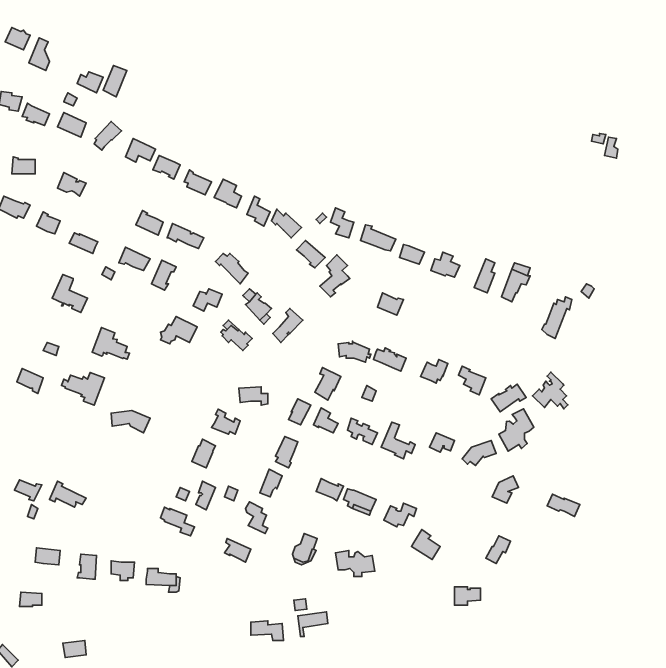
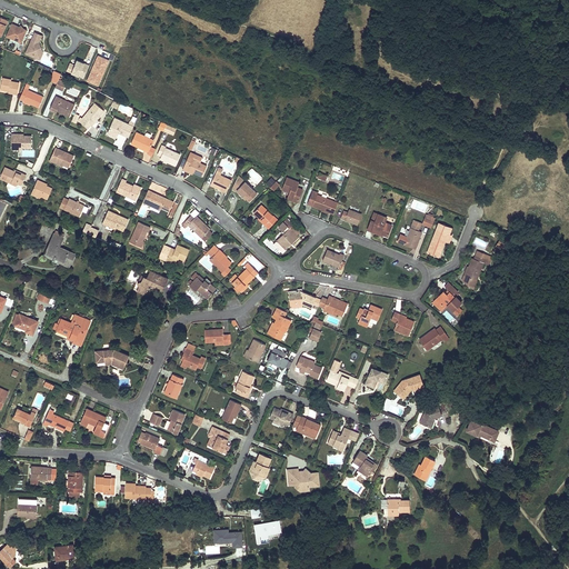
building: [92,328,129,359] -> none
building: [533,372,568,409] -> [431,282,461,313]
building: [499,409,534,451] -> none
building: none -> [79,408,109,437]

